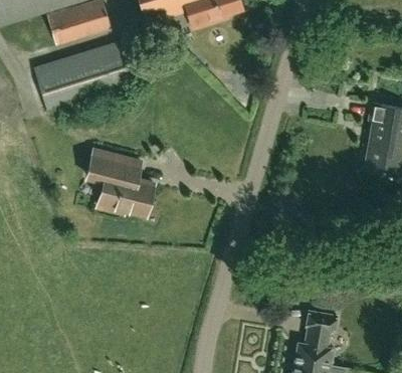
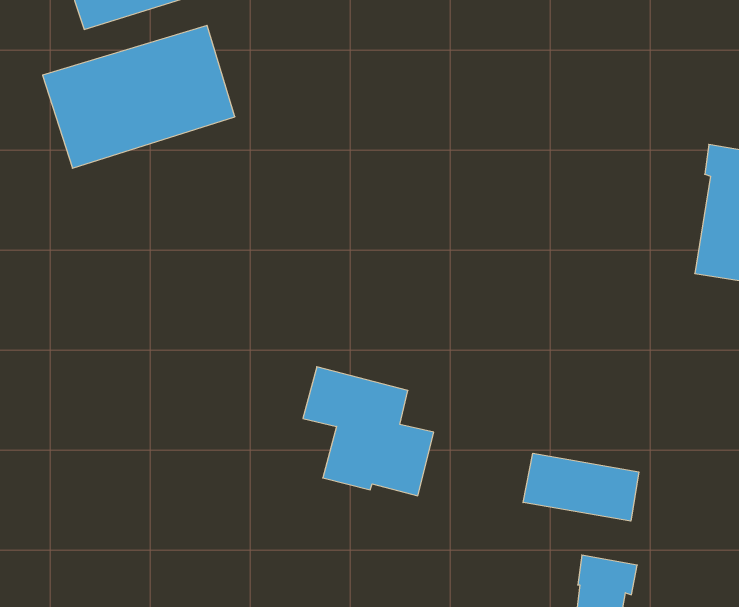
building: [86,149,153,214] -> [303,367,434,496]
building: none -> [523,453,639,521]

